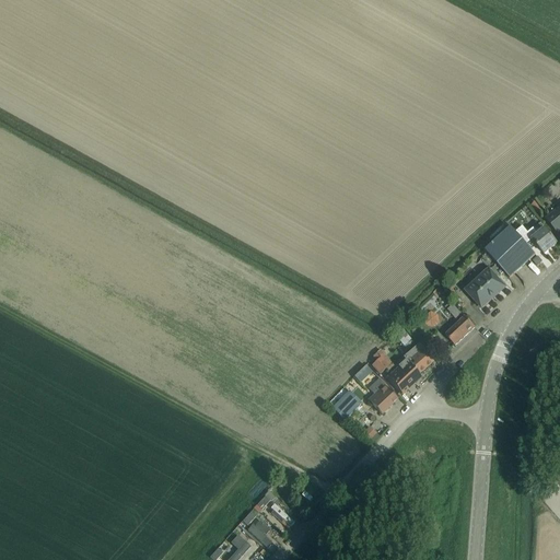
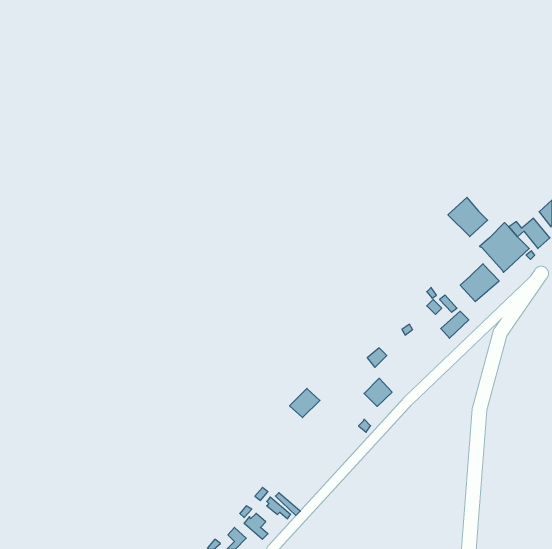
building: none -> [448,197,488,237]
building: [386,343,432,393] -> none
building: [331,388,362,418] -> [290,388,320,418]

